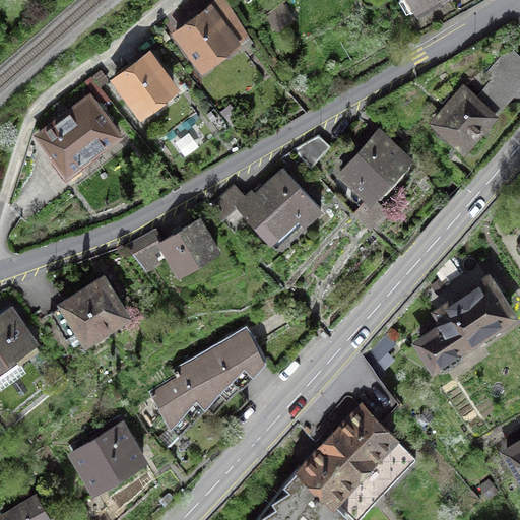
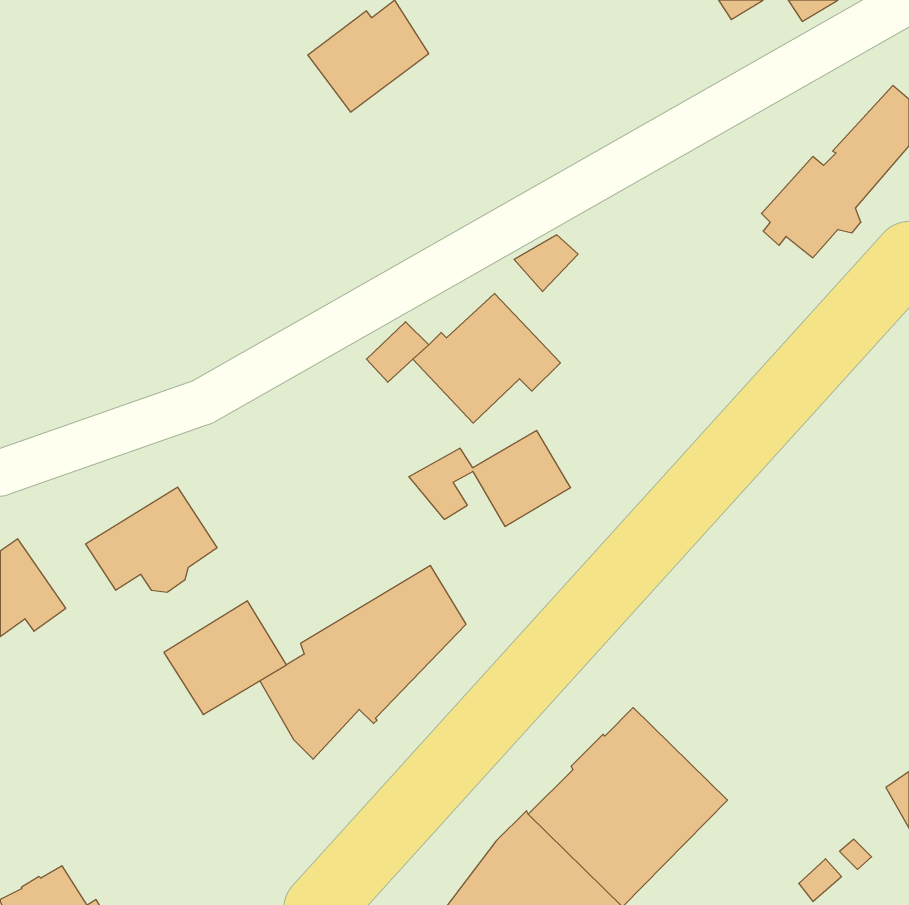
building: [115,55,173,113] -> none
building: [39,99,117,174] -> none
building: [342,133,407,199] -> none
building: [125,220,217,275] -> [409,430,571,526]
building: [418,279,510,369] -> none
building: [72,424,142,489] -> [164,601,287,715]

